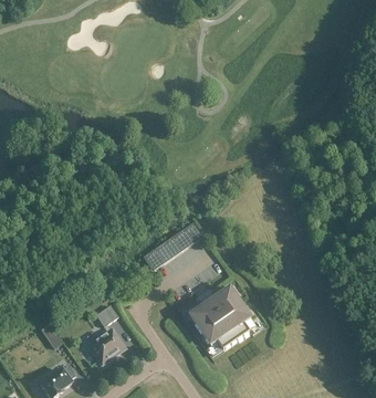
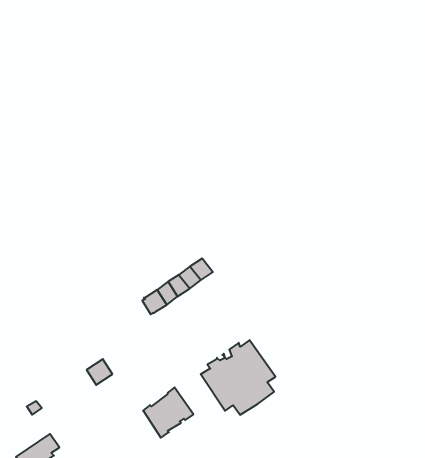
building: [85,325,126,366] -> [143,387,193,438]

